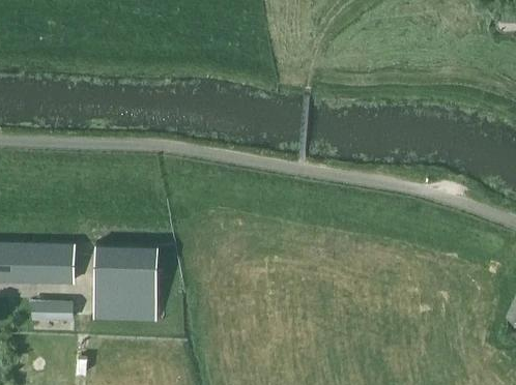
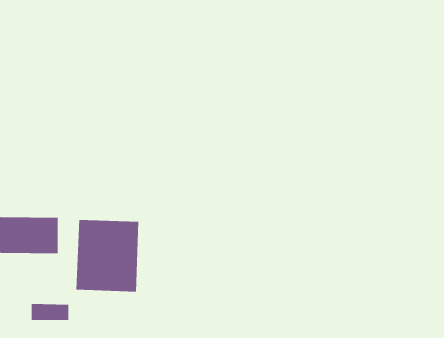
building: [33,304,73,322] -> [31,304,69,321]

